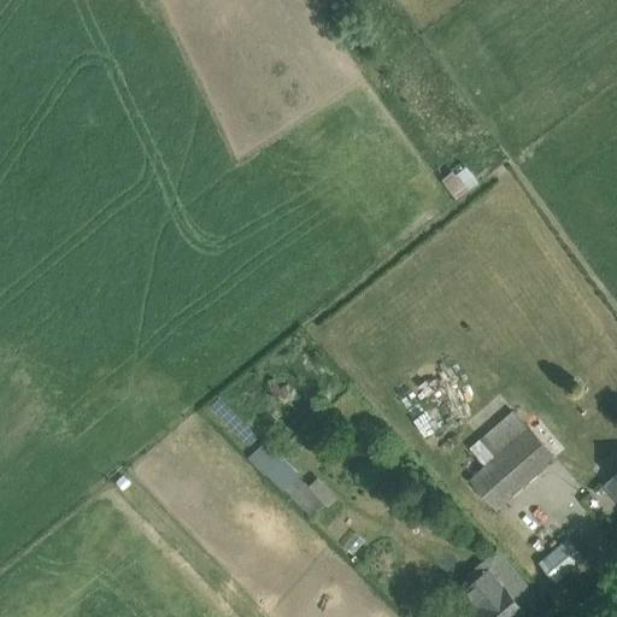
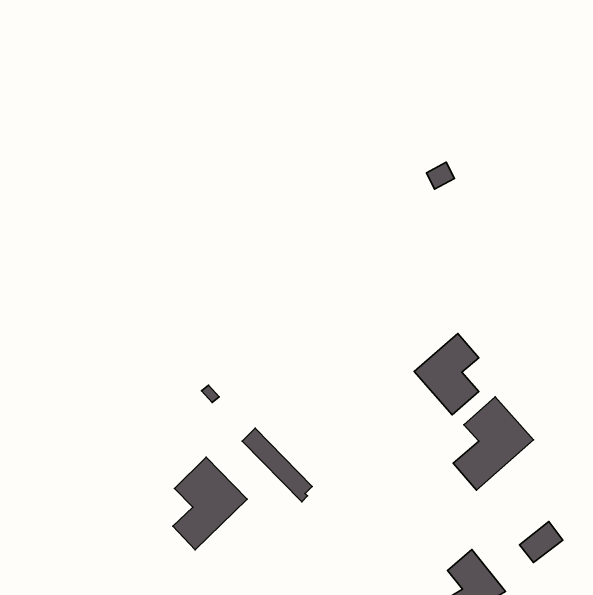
building: none -> [414,334,479,415]
building: none -> [173,457,247,550]

